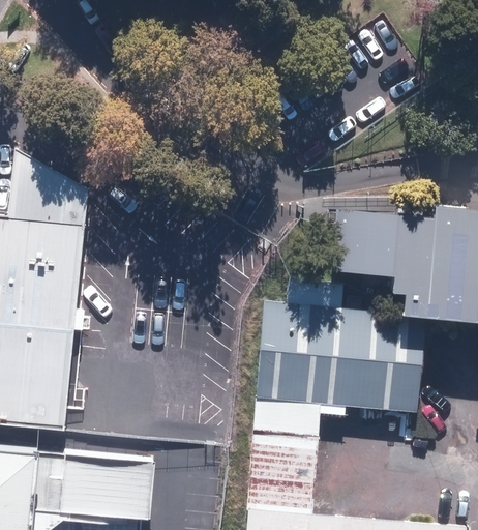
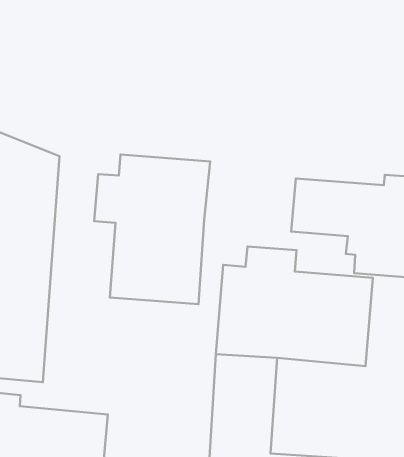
building: none -> [94,154,210,304]

